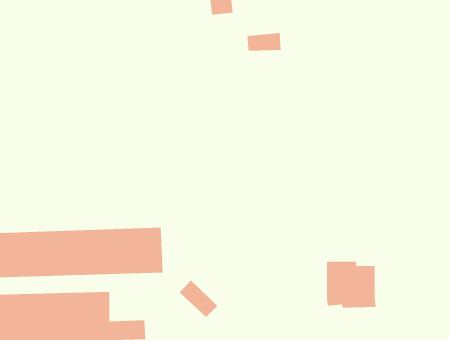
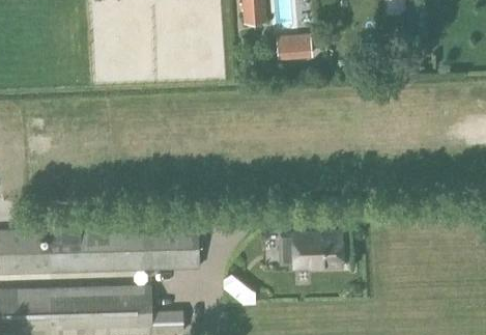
building: [326,261,376,308] -> [294,227,342,272]

